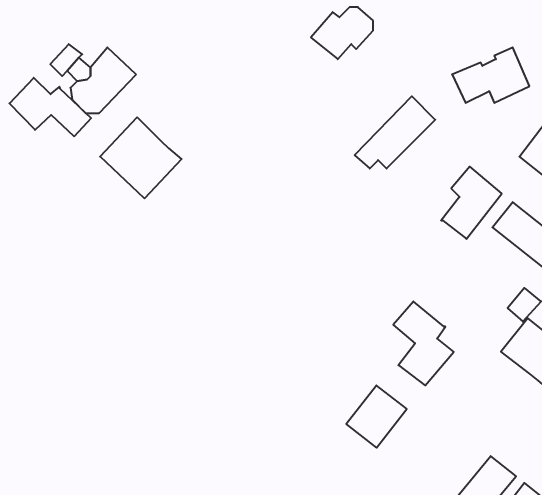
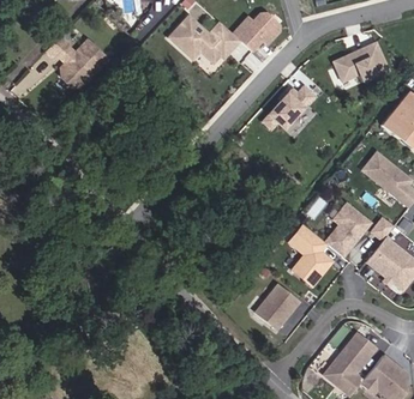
building: none -> [169,19,239,64]
building: [9,78,91,136] -> none
building: [100,117,182,198] -> none
building: [441,167,502,239] -> [325,204,368,255]

